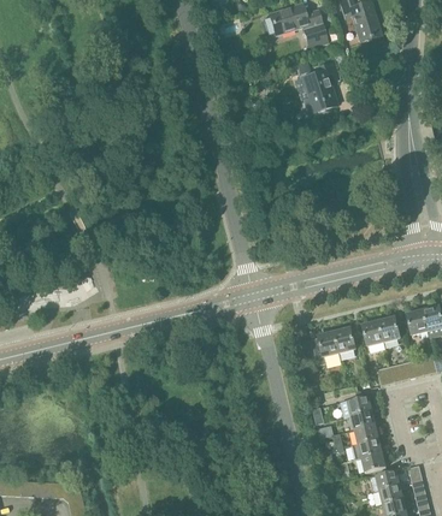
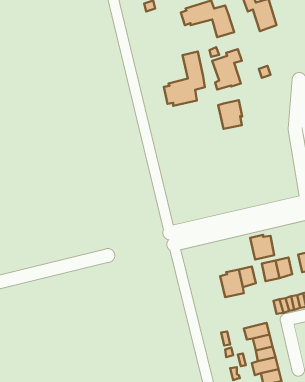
building: none -> [164,52,205,106]
building: none -> [218,100,242,129]
building: none -> [250,235,274,259]

